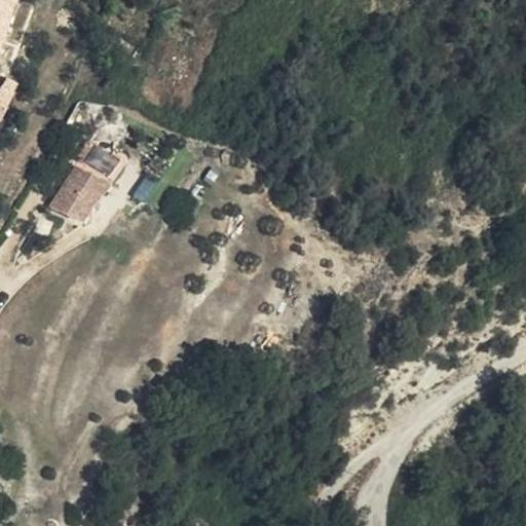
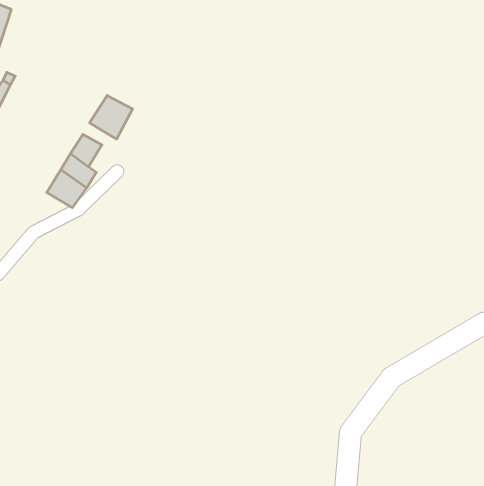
building: none -> [90,95,133,139]

